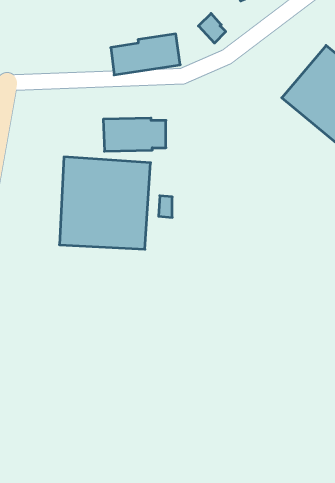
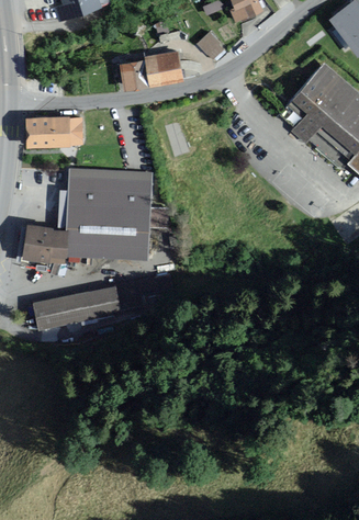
building: [103,118,166,151] -> [21,115,81,147]
building: none -> [19,225,61,262]
building: none -> [36,280,150,330]

